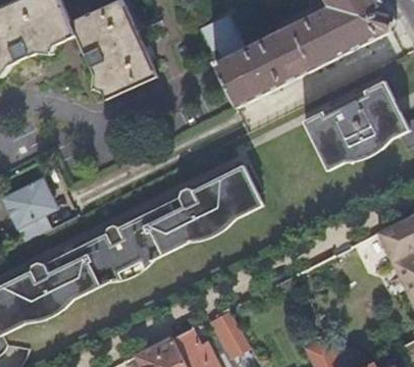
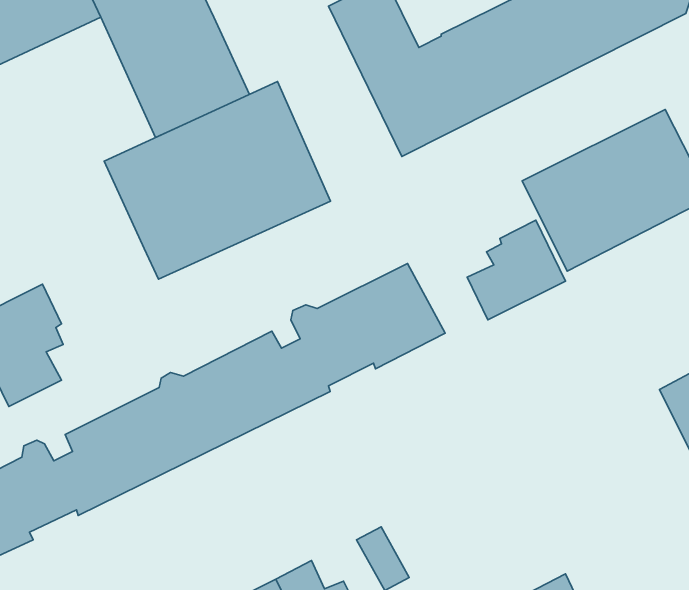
building: none -> [104,82,331,279]
building: none -> [467,220,565,320]

